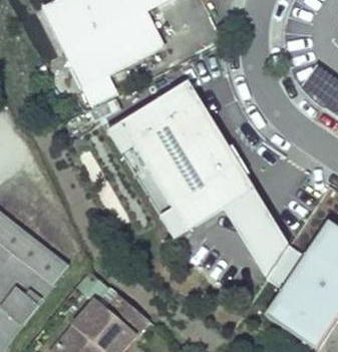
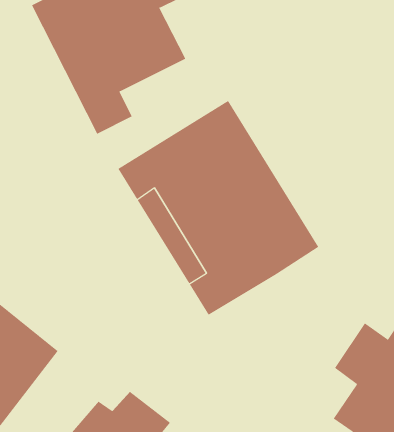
building: [225,189,289,277] -> none

